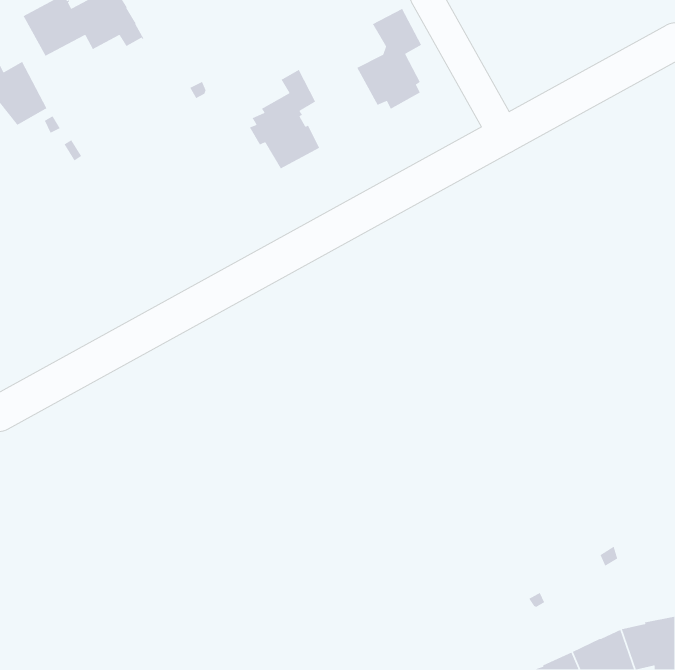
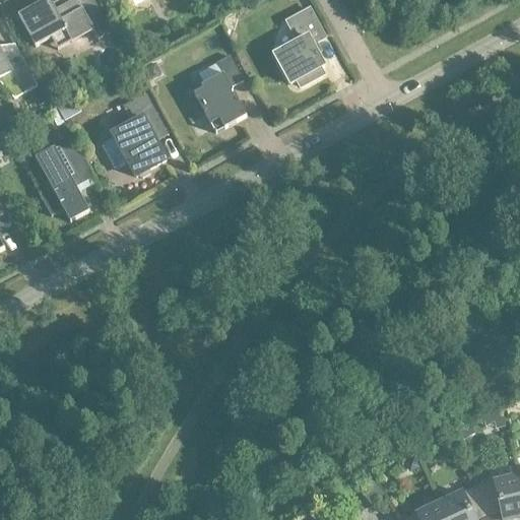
building: none -> [102,90,166,176]
building: none -> [35,136,93,219]

